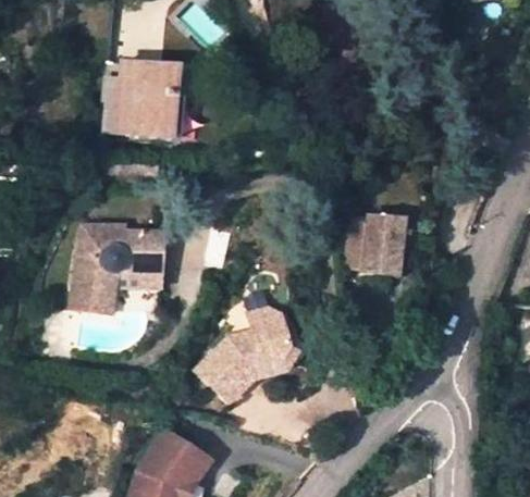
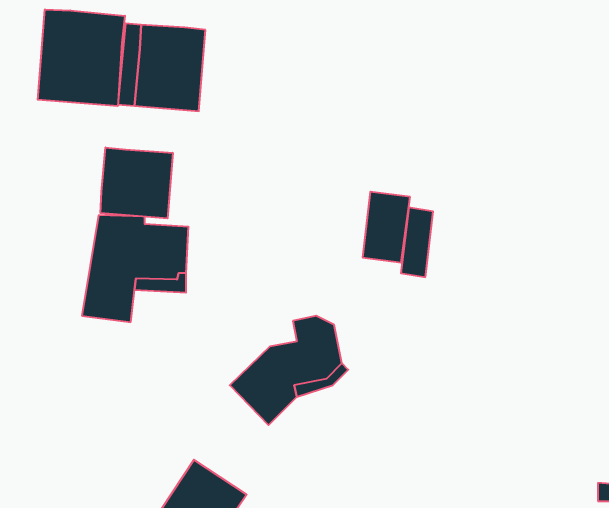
building: none -> [38,9,125,106]
building: none -> [100,147,173,218]
building: [363,220,404,279] -> [363,192,410,263]

